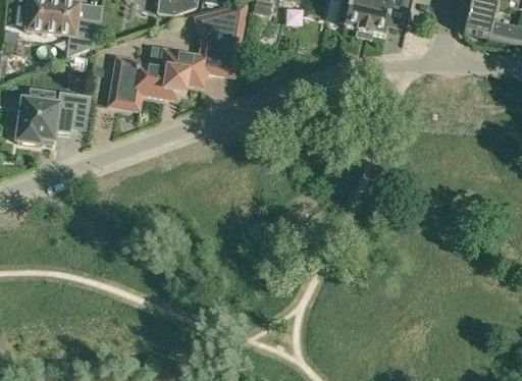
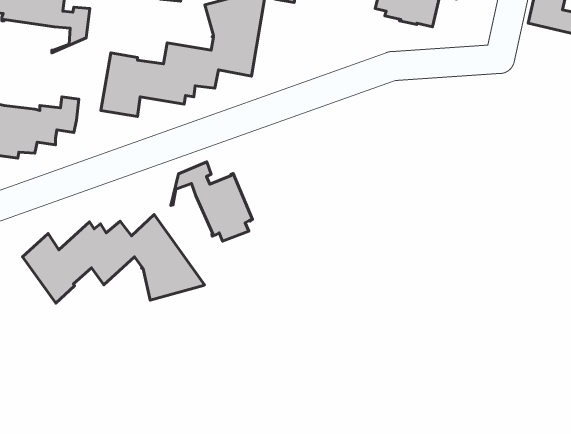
building: none -> [171,162,252,241]
building: none -> [22,214,205,303]

